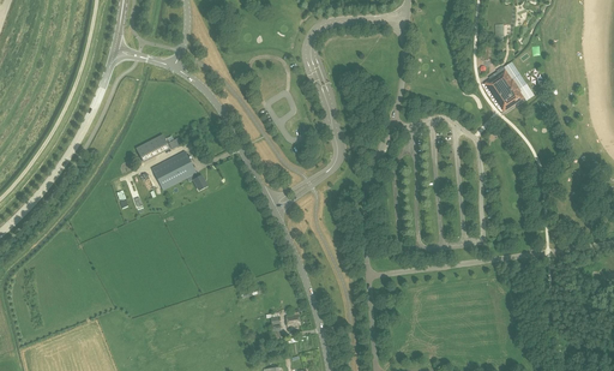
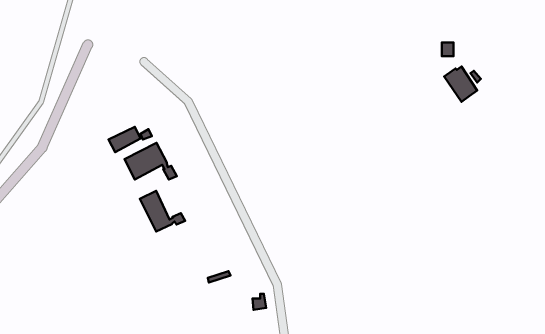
building: none -> [140,191,185,231]

